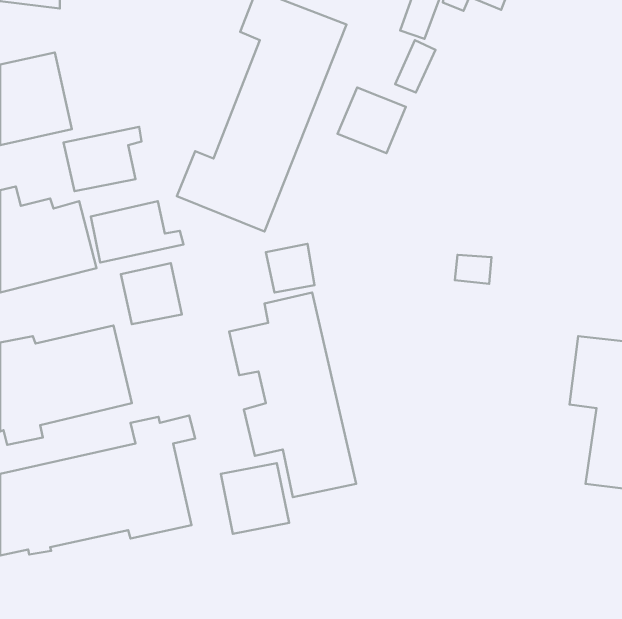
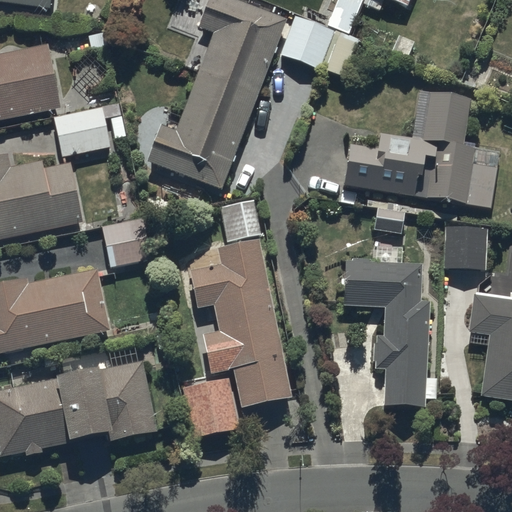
building: [338,87,406,153] -> [279,16,335,70]
building: none -> [344,100,501,208]
building: [91,201,184,263] -> none
building: none -> [444,224,488,269]
building: none -> [344,259,438,407]

